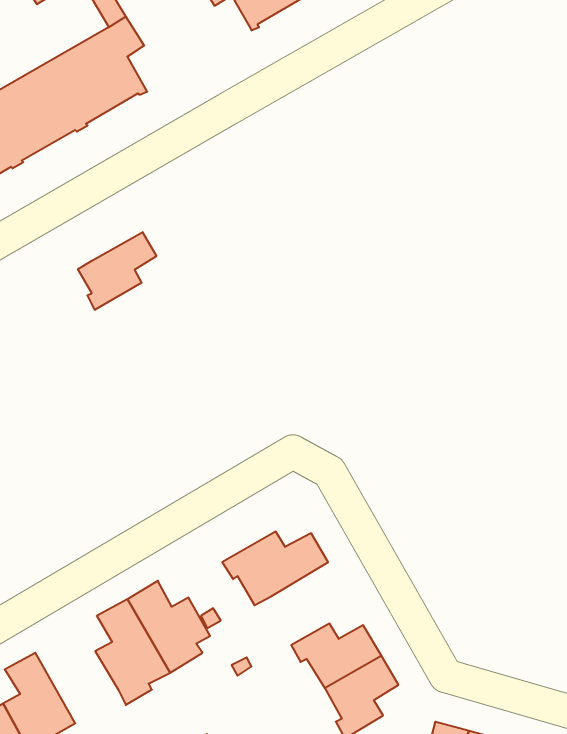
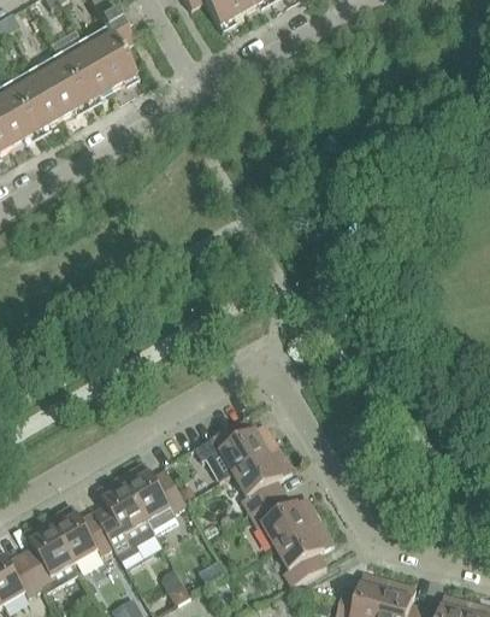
building: [78,232,156,310] -> none
building: none -> [232,448,290,513]
building: none -> [47,505,112,564]

